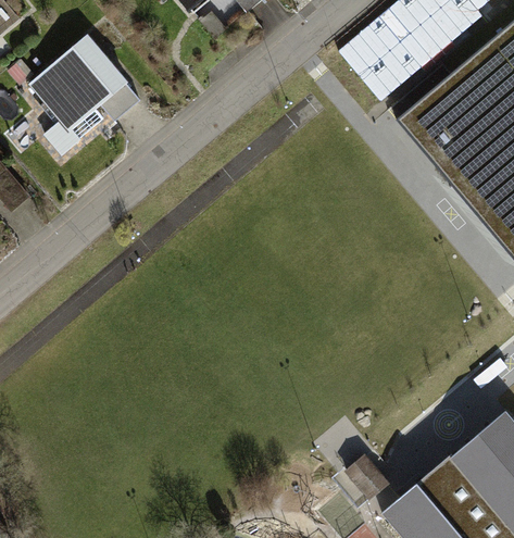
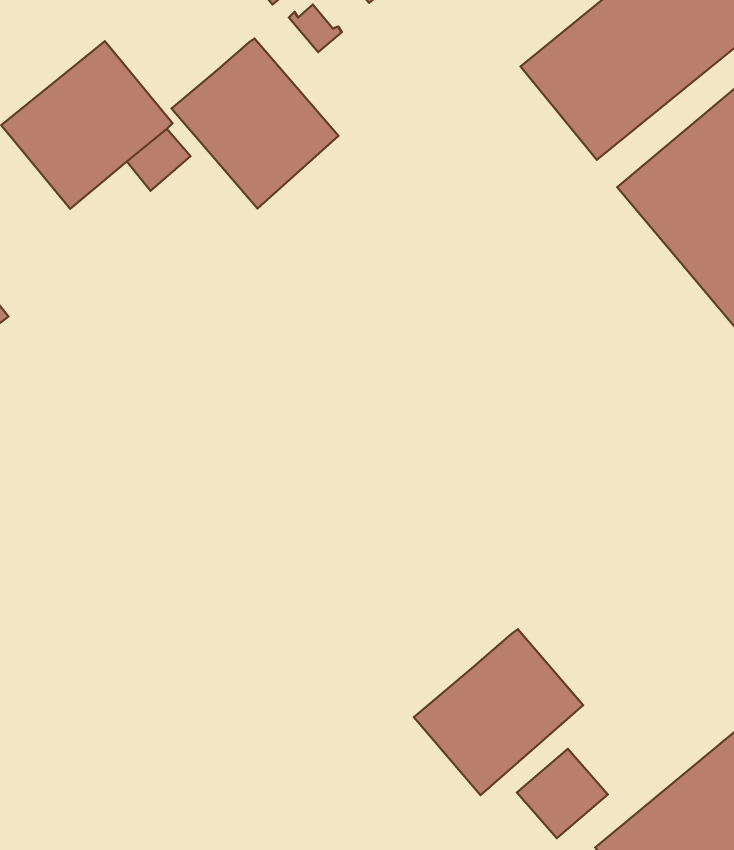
building: none -> [171,39,339,208]
building: none -> [414,629,583,795]

